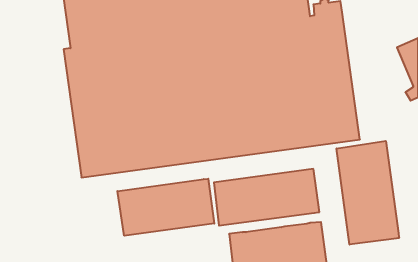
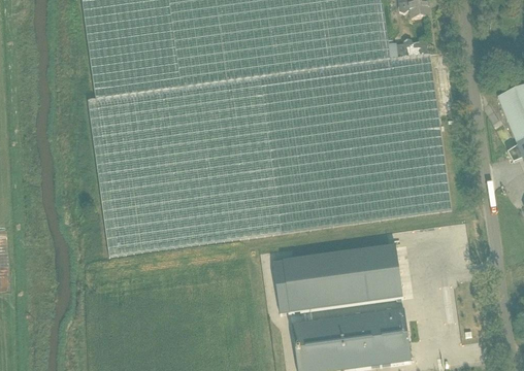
building: [337,141,399,245] -> none
building: [117,179,214,236] -> none

